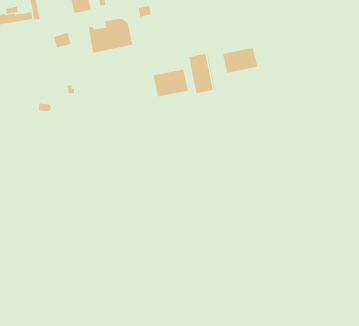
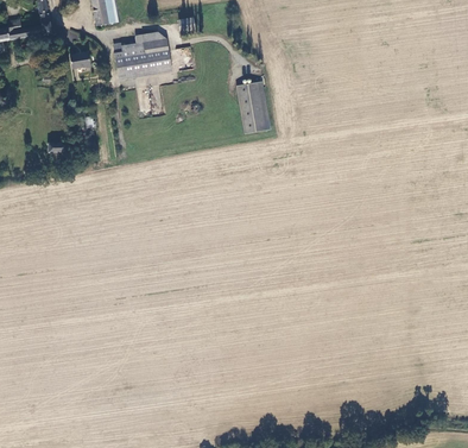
building: [222,47,258,73] -> none
building: [153,69,188,97] -> none

